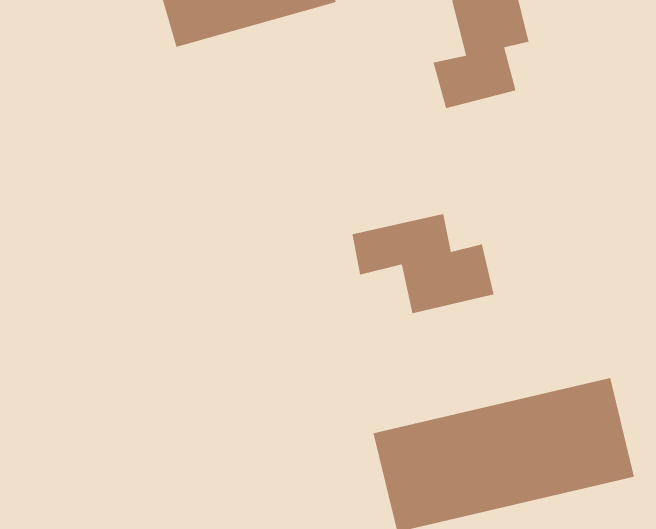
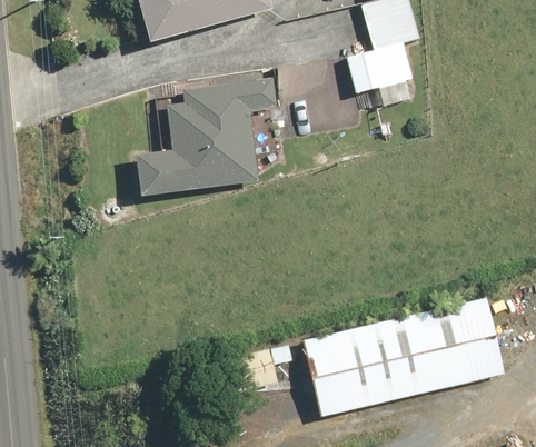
building: none -> [136,71,280,189]
building: [351,213,494,314] -> none

